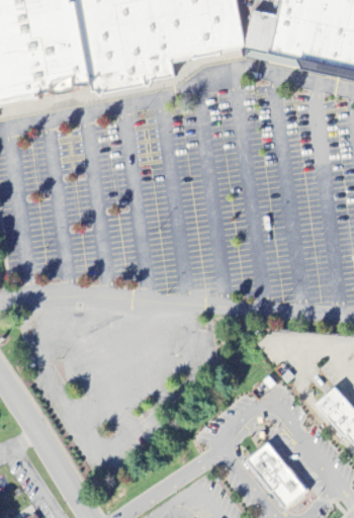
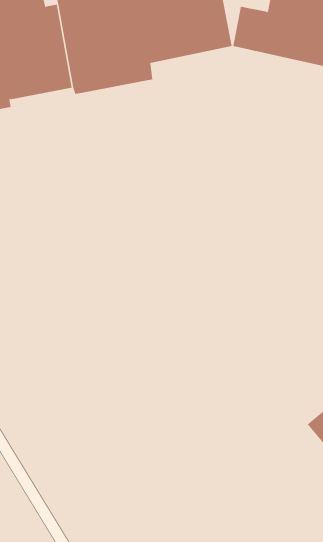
building: [247,439,309,506] -> none

